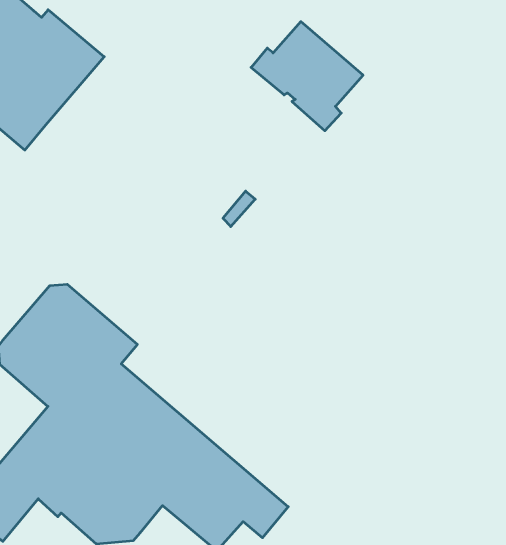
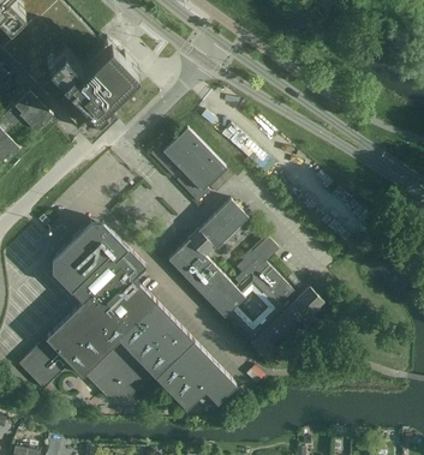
building: [251,22,363,131] -> [151,126,226,200]
building: none -> [168,198,324,358]

